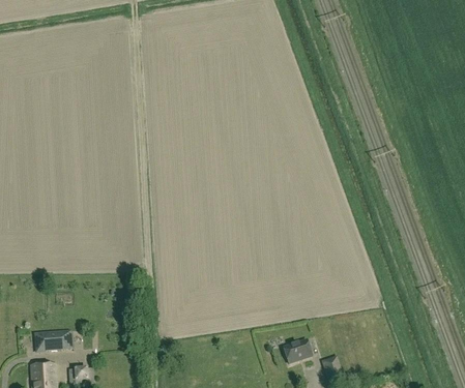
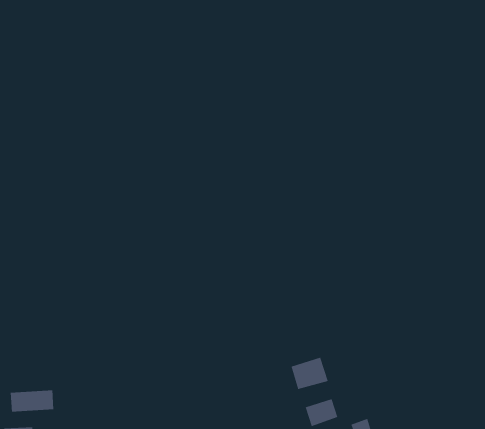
building: none -> [291,357,328,390]

